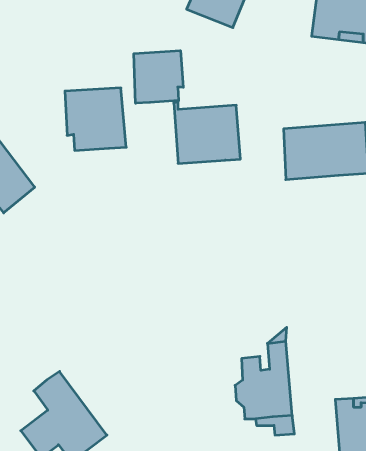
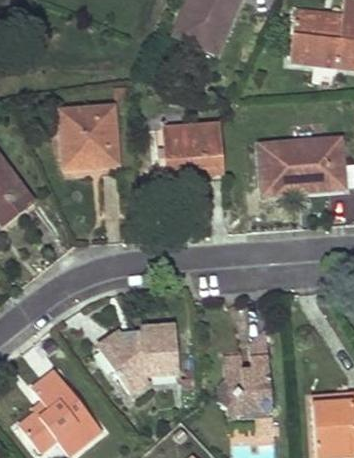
building: [134,51,183,103] -> none
building: none -> [98,328,178,391]

